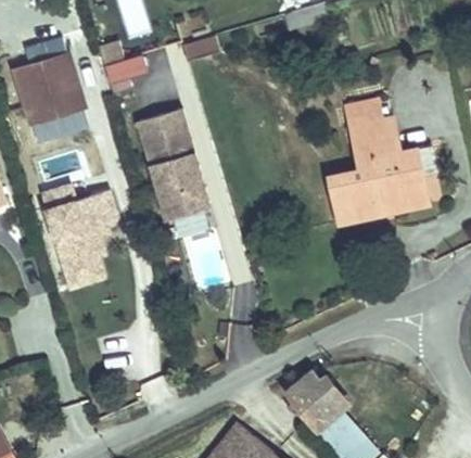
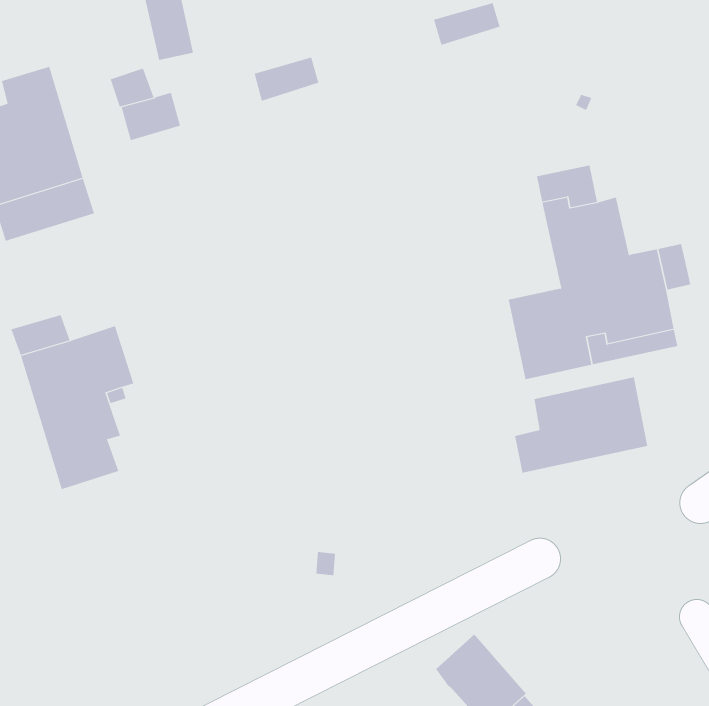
building: [136,109,209,219] -> none
building: none -> [514,377,648,473]

